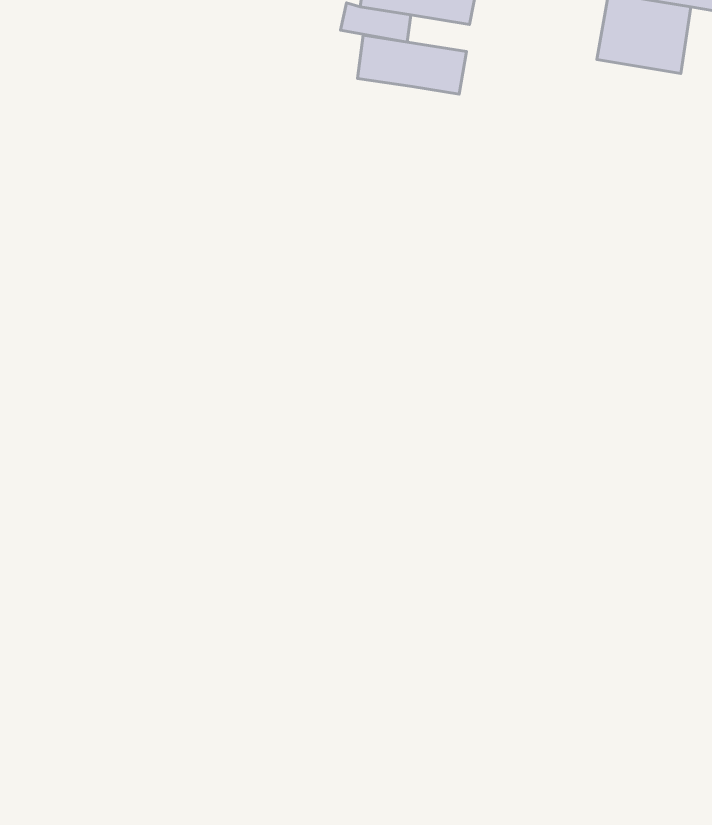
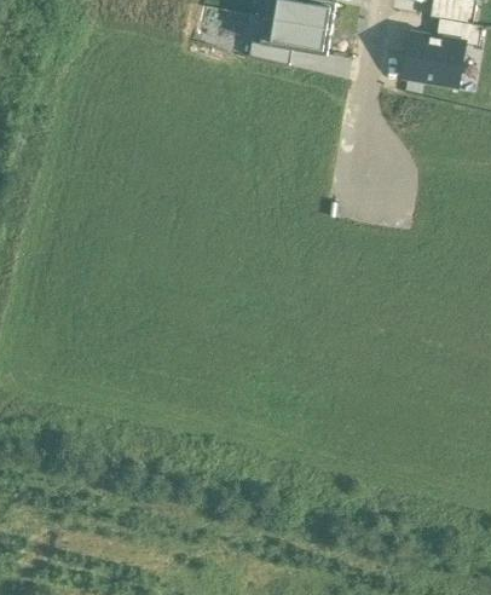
building: [357,35,467,94] -> none

